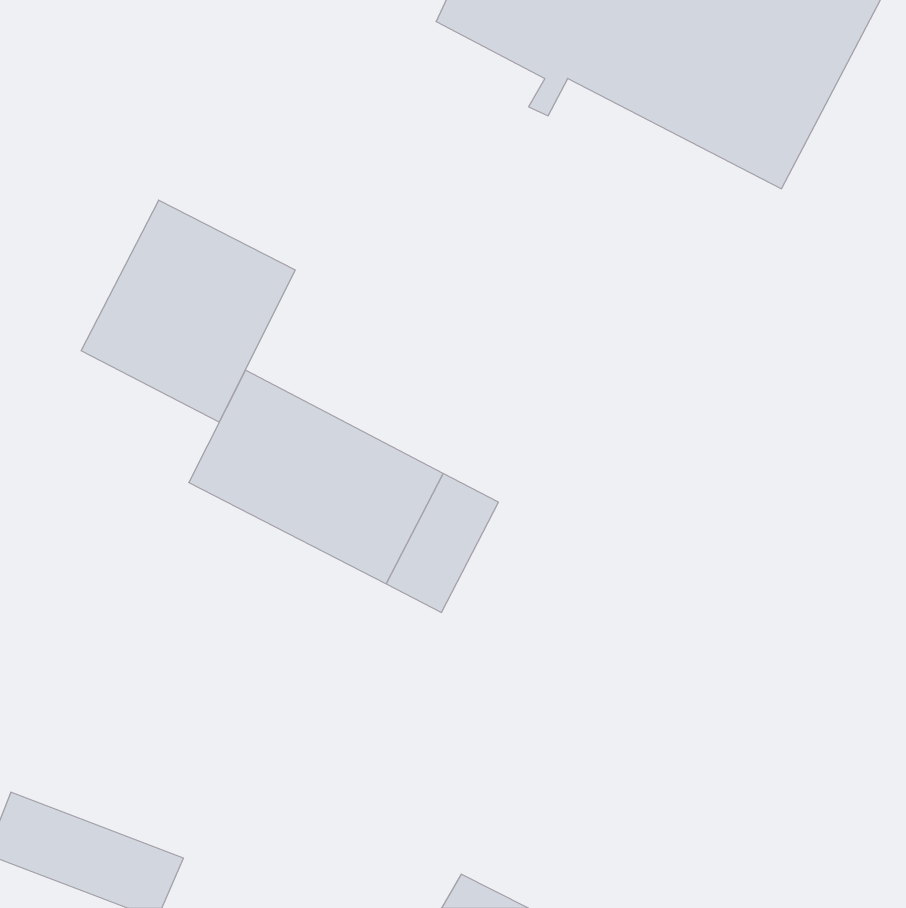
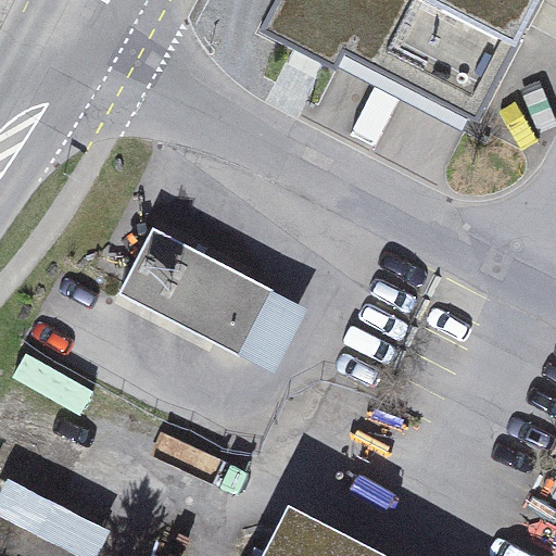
building: [81,200,295,422] -> none

